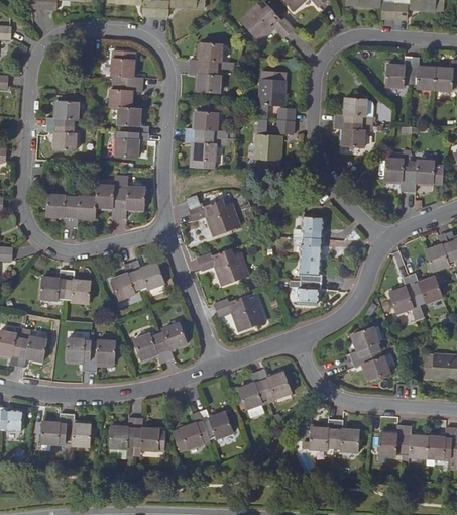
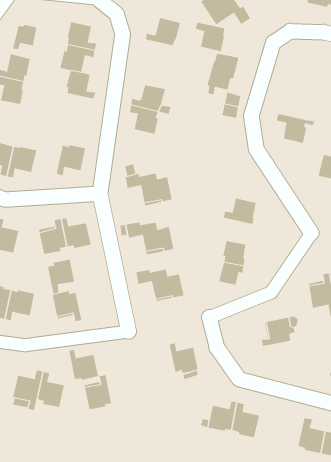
building: [188,68,219,94] -> [195,22,225,52]
building: none -> [13,24,37,50]
building: [333,99,372,124] -> none
building: [253,126,279,169] -> none
building: [114,133,146,159] -> none
building: [96,183,121,216] -> none
building: [294,235,325,259] -> none
building: [157,321,188,359] -> [47,259,75,295]
building: [352,348,390,379] -> none
building: [238,371,268,409] -> none
building: [200,408,234,438] -> [68,350,99,381]
building: [378,423,405,455] -> none

